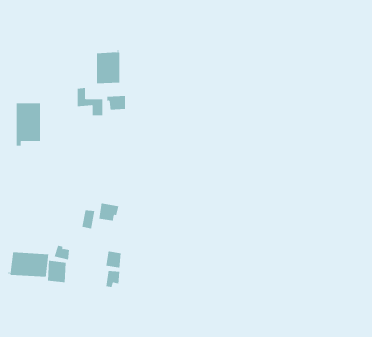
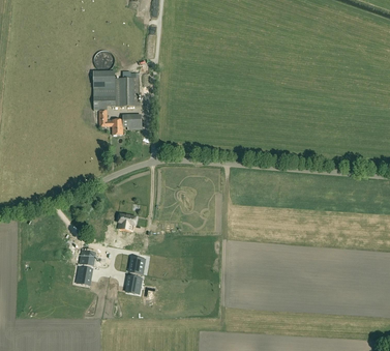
building: [16,103,41,146] -> [94,70,117,110]
building: [7,252,49,277] -> none

